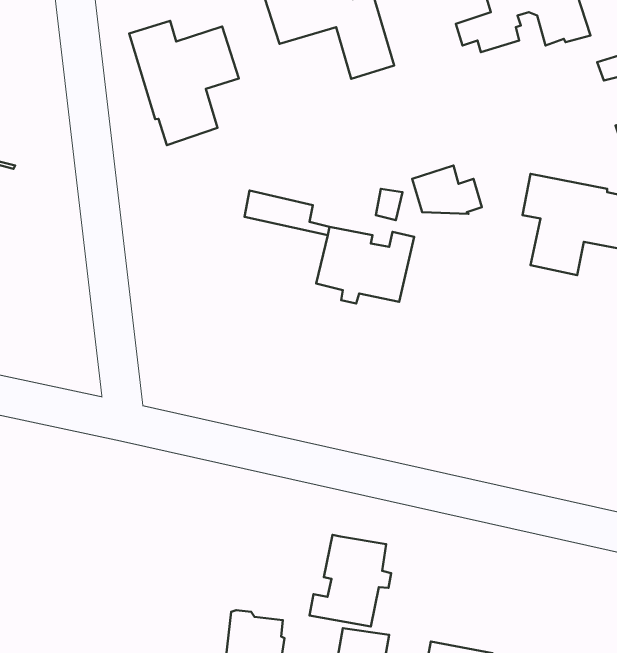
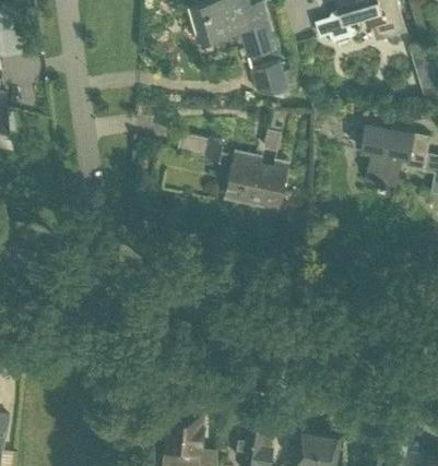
building: [129,21,239,145] -> none
building: [412,165,482,214] -> [252,63,298,95]
building: [310,535,391,626] -> none

